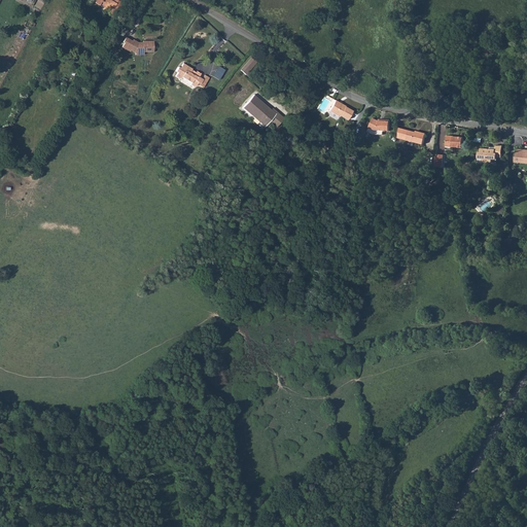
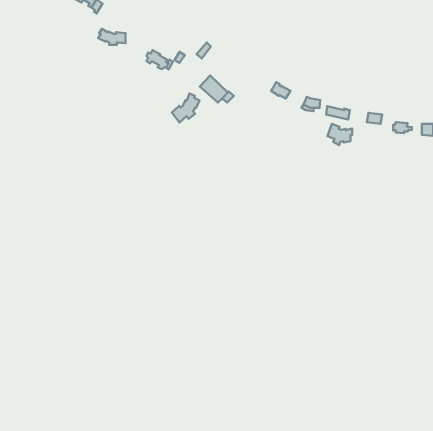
building: none -> [172,93,200,123]
building: none -> [328,124,352,145]

